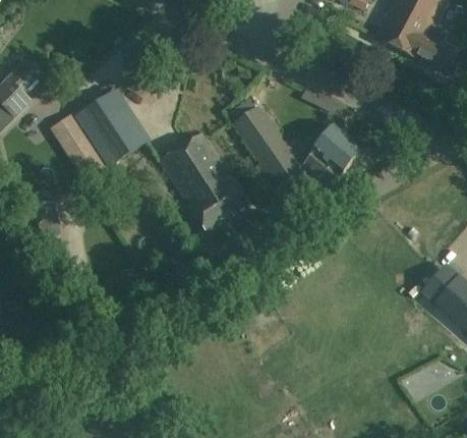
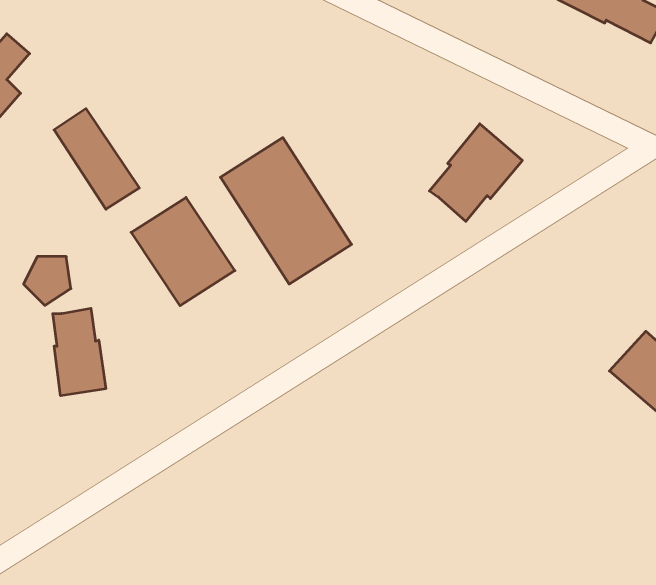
building: [78,91,148,163] -> [131,197,235,306]
building: [234,106,306,190] -> none
building: none -> [53,308,106,396]

